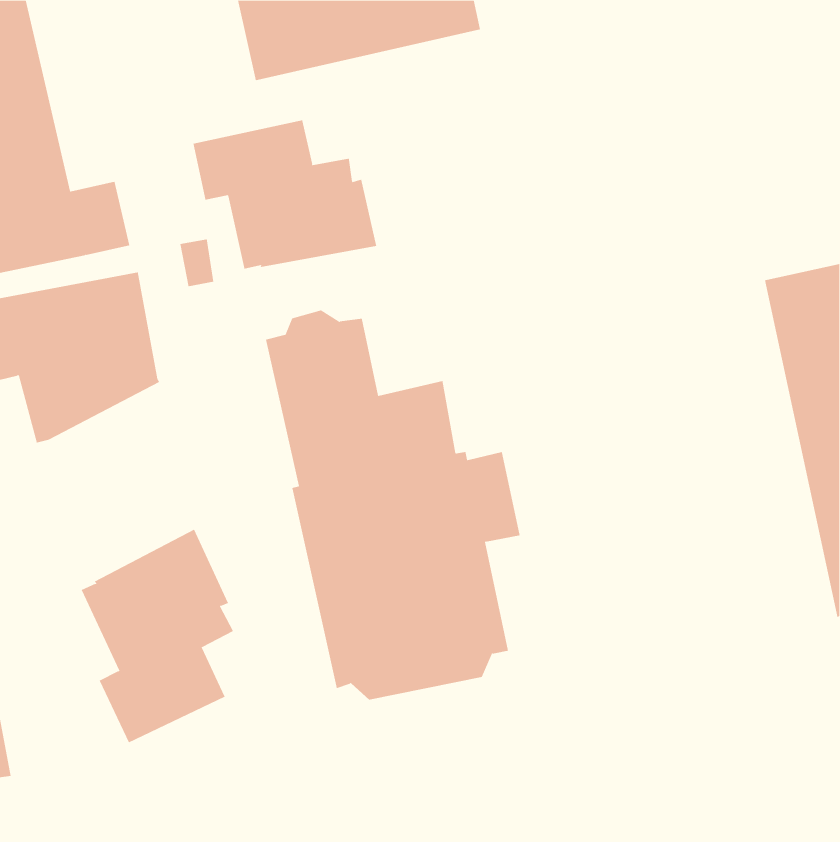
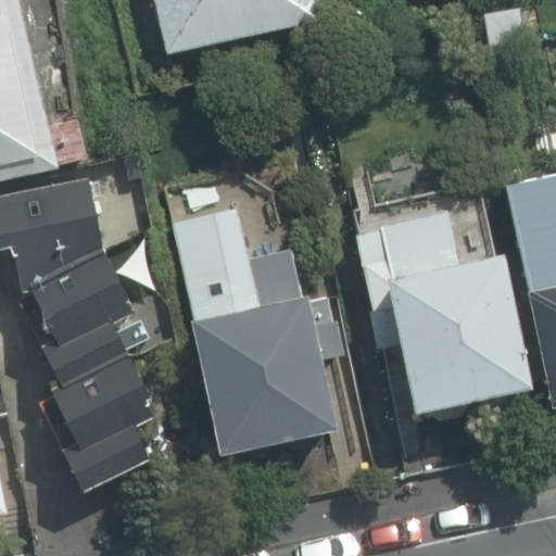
building: [193,119,377,270] -> none
building: none -> [355,211,530,414]
building: none -> [33,252,134,383]

